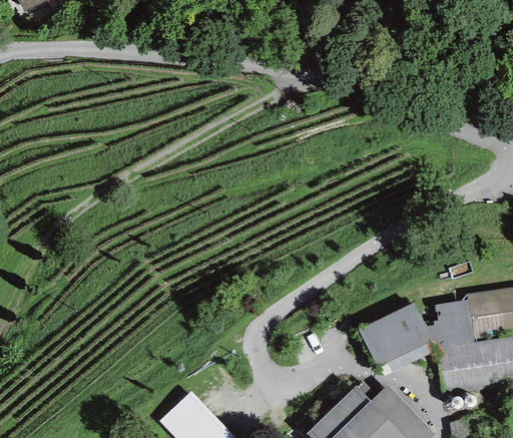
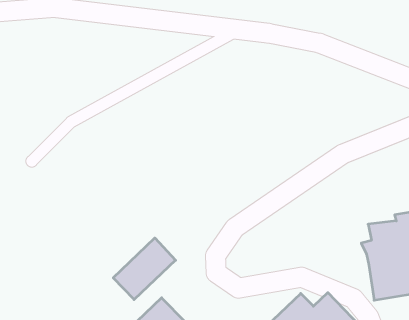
building: [359,302,433,368] -> none
building: none -> [113,238,176,300]

